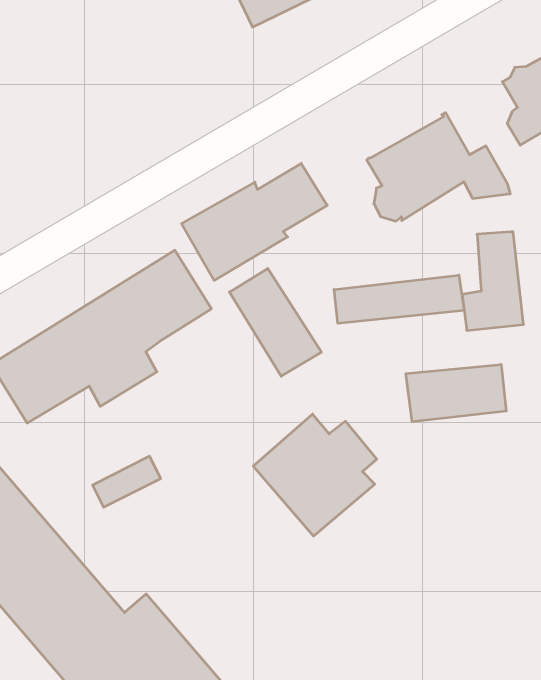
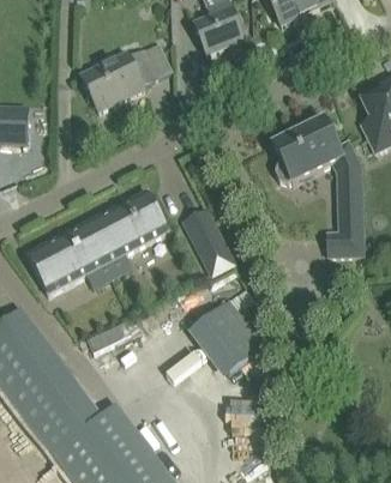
building: [182,163,327,280] -> [79,41,172,110]
building: [334,275,464,323] -> none
building: [406,364,506,422] -> none

